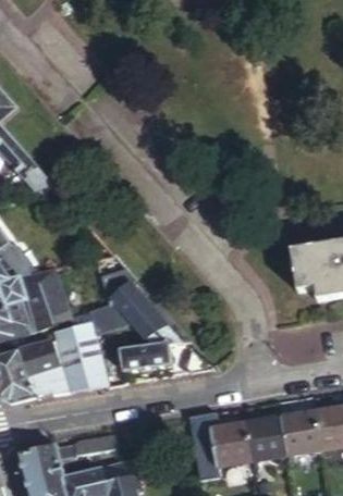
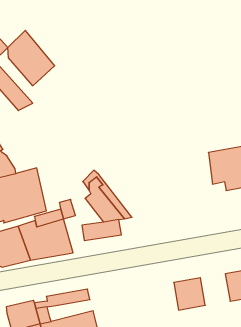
building: none -> [8,30,55,86]
building: [278,410,318,452] -> none
building: [209,422,248,464] -> none

